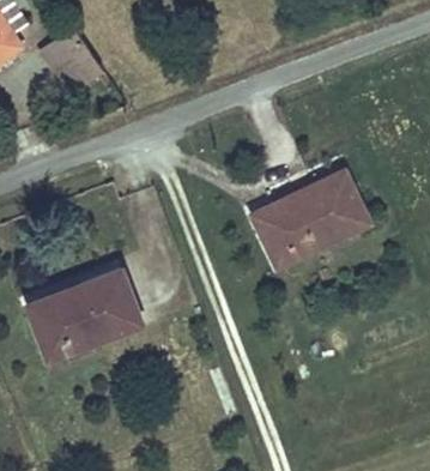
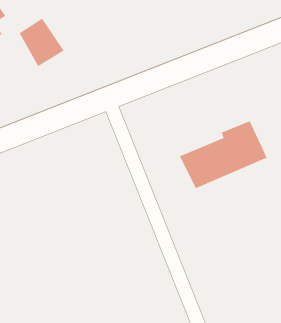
building: [28,270,134,356] -> none

